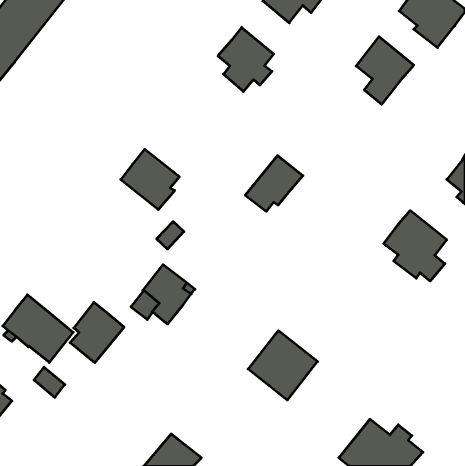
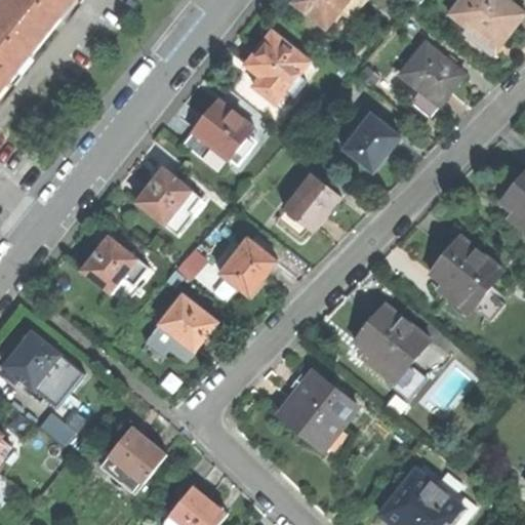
building: none -> [181,98,252,169]
building: none -> [339,113,400,170]
building: none -> [81,235,148,291]
building: none -> [215,238,276,295]
building: none -> [354,304,427,397]
building: [70,302,124,363] -> [104,426,164,493]

